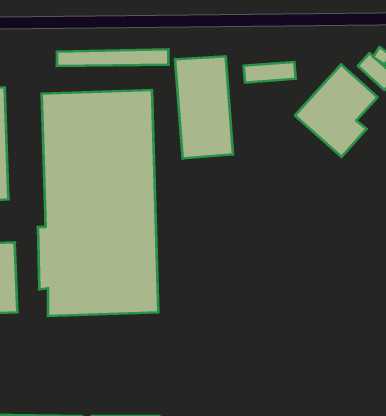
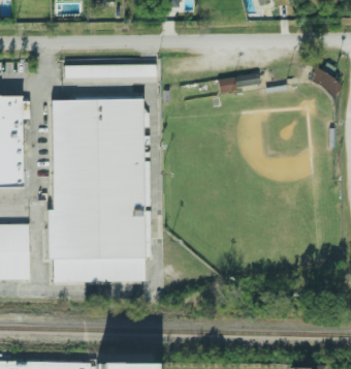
building: [175,56,233,159] -> none
building: [295,64,377,157] -> none

